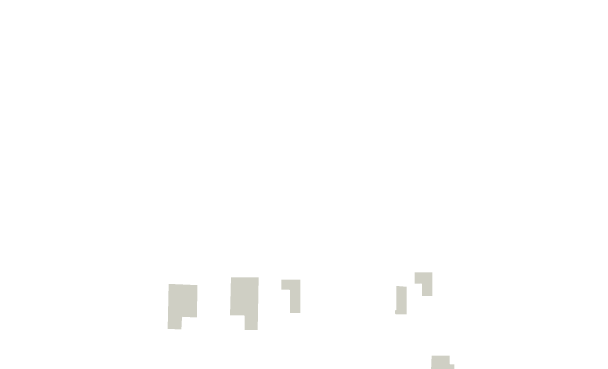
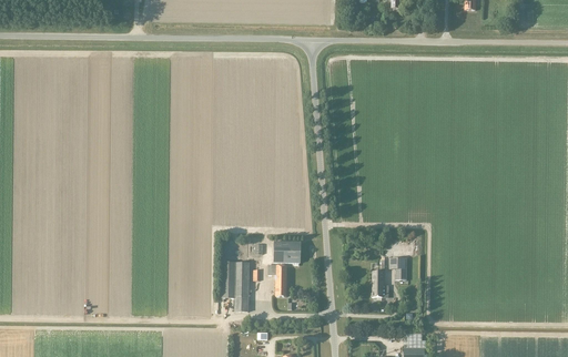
building: none -> [275,241,301,262]
building: [167,283,198,330] -> none

